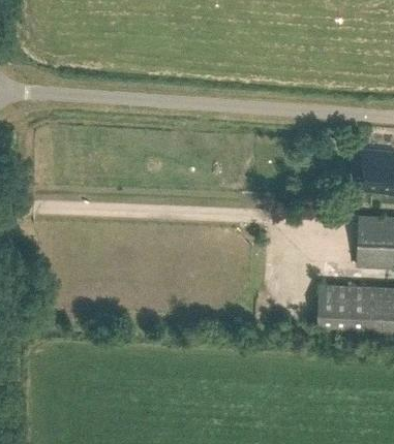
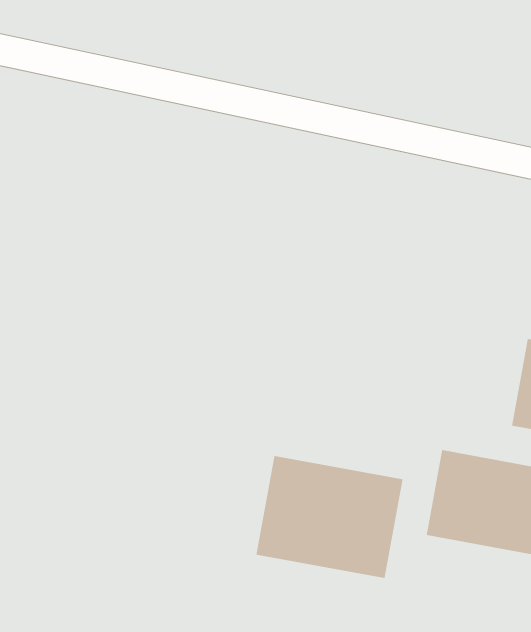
building: none -> [255,455,404,579]

